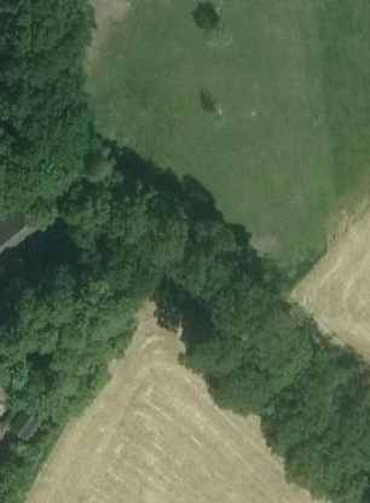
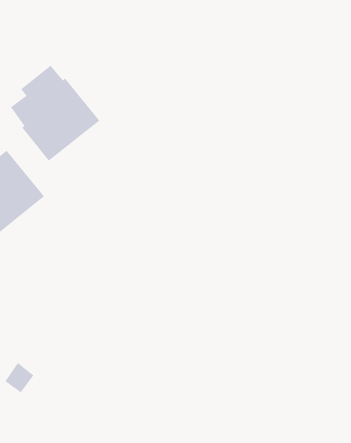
building: none -> [10,65,100,162]

